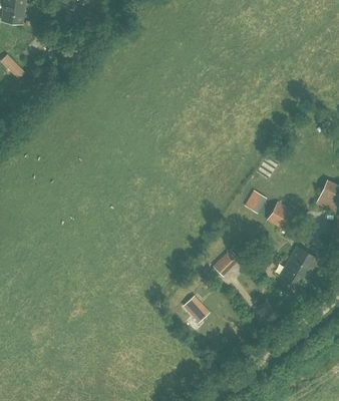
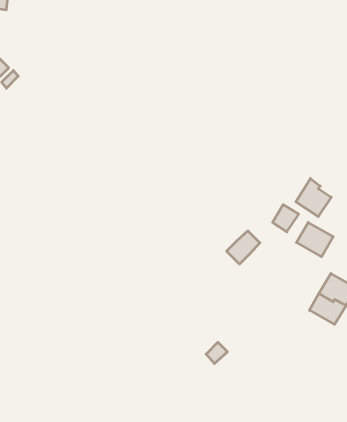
building: none -> [296,178,331,217]
building: [212,249,240,277] -> [227,231,260,264]

